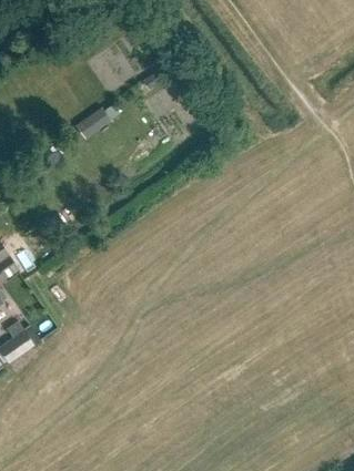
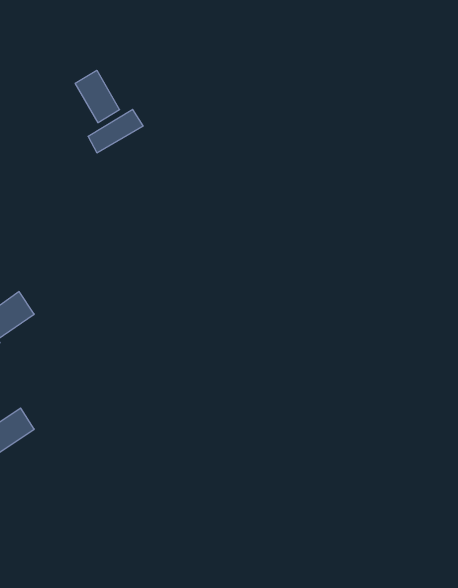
building: none -> [75,70,120,123]

